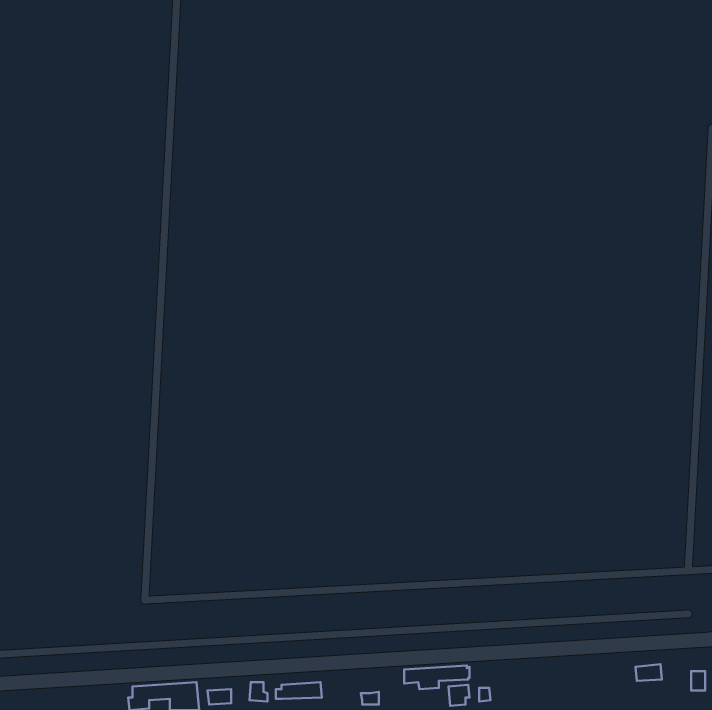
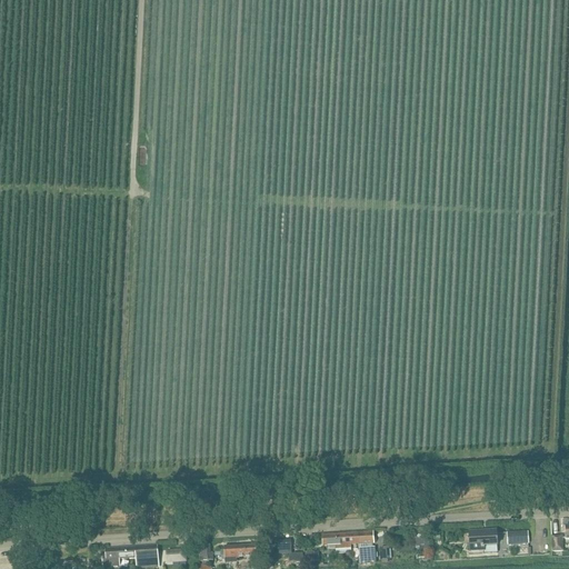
building: none -> [469,529,497,551]

